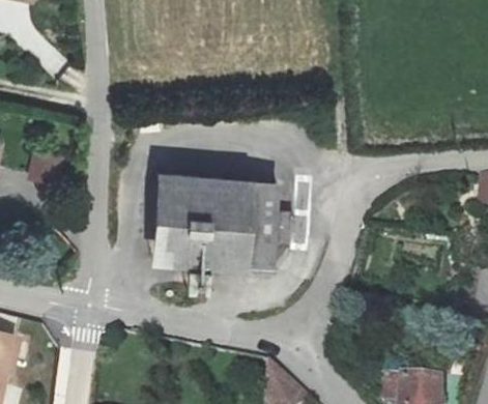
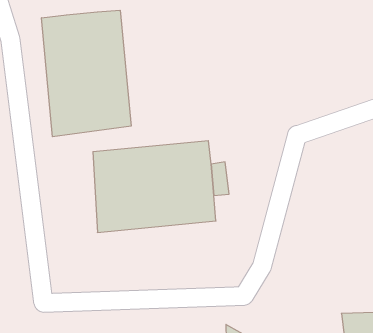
building: none -> [42,10,131,137]

